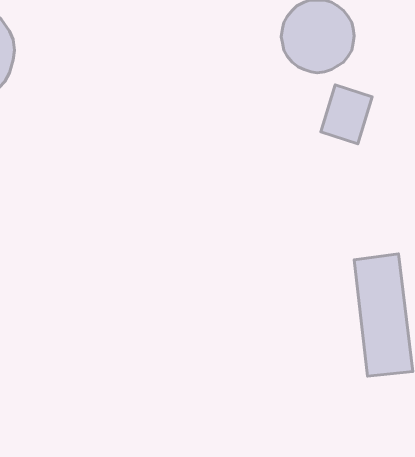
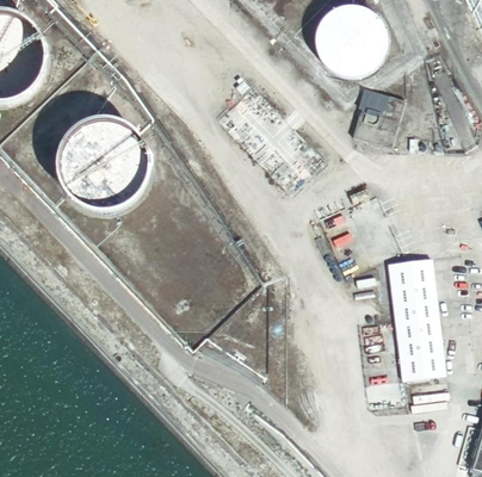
building: none -> [57,117,152,212]

